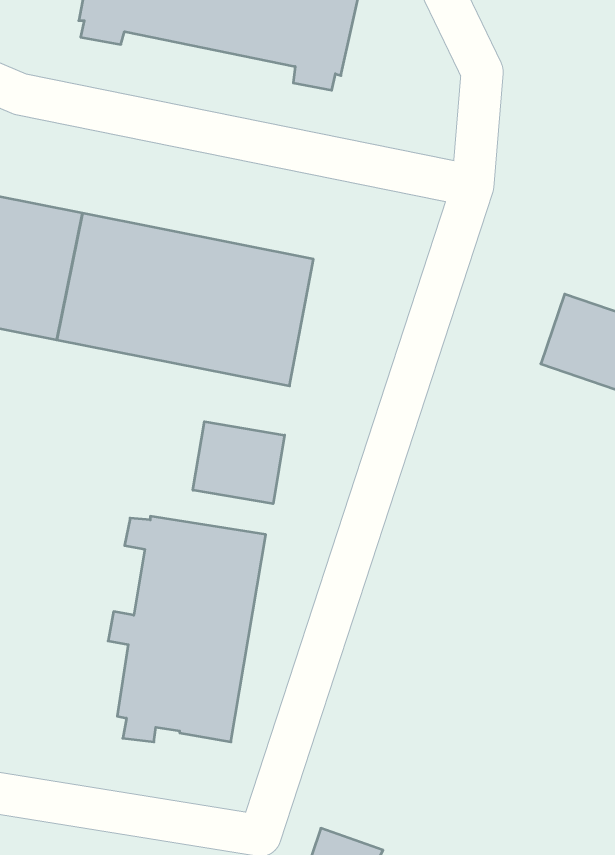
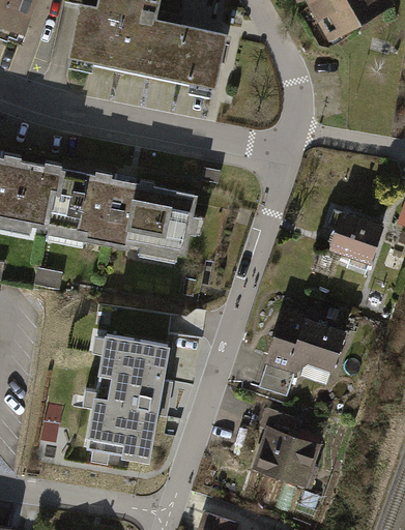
building: [193,422,285,504] -> none
building: none -> [257,308,345,398]
building: none -> [250,409,320,489]

